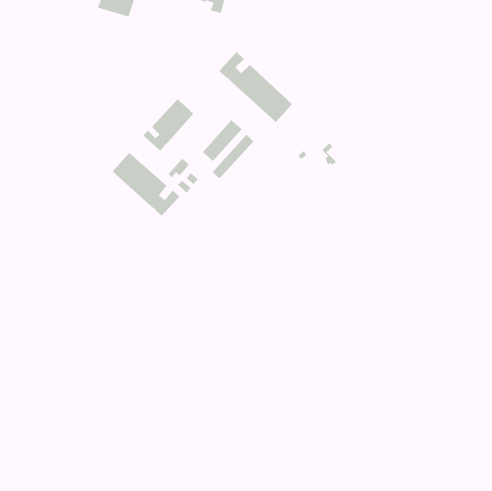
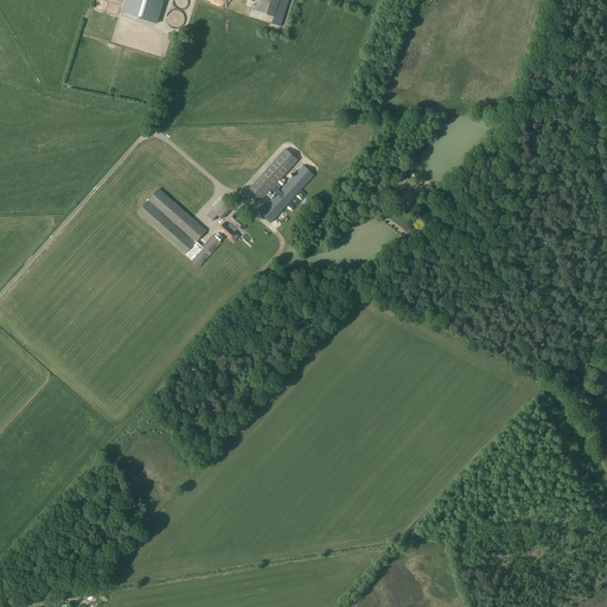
building: [219,51,293,123] -> none
building: [142,98,194,152] -> none

